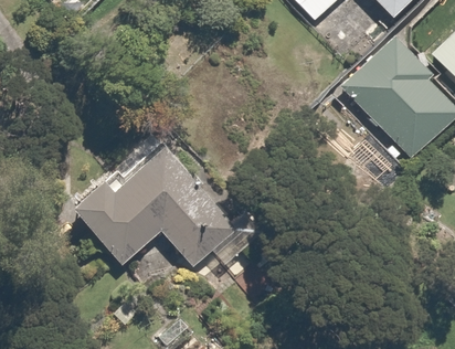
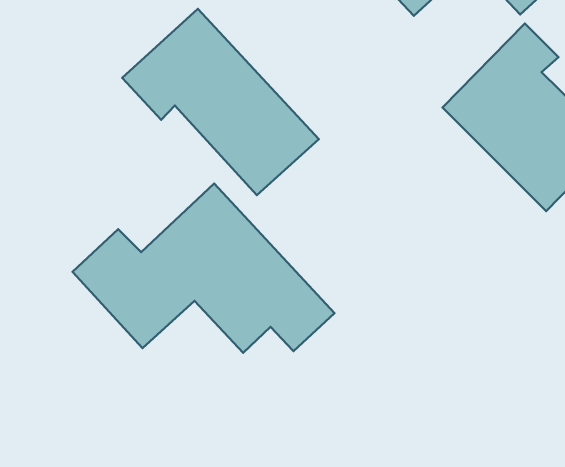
building: none -> [122,9,319,195]

